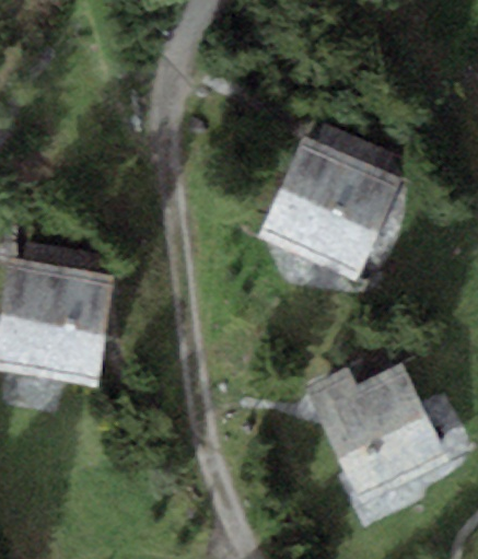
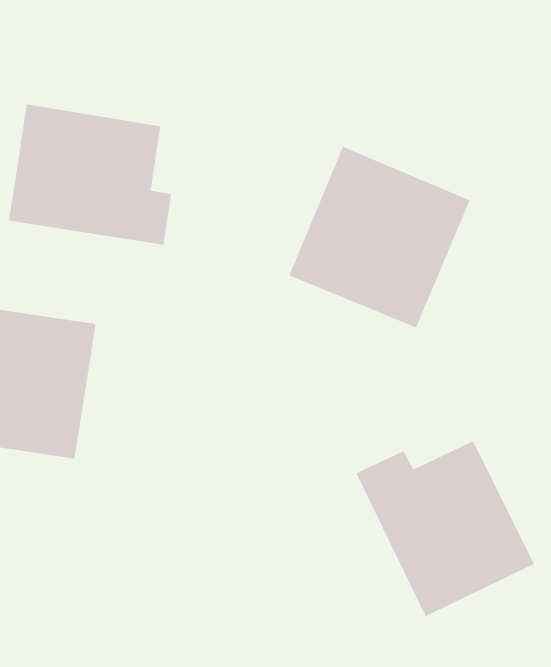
building: none -> [9,104,171,246]

